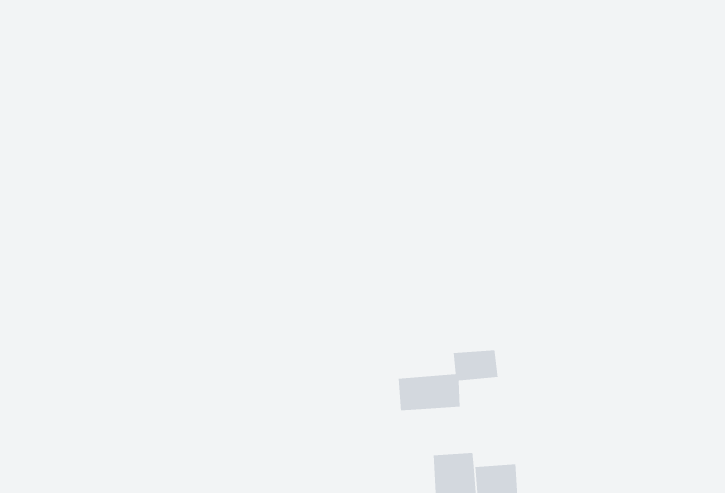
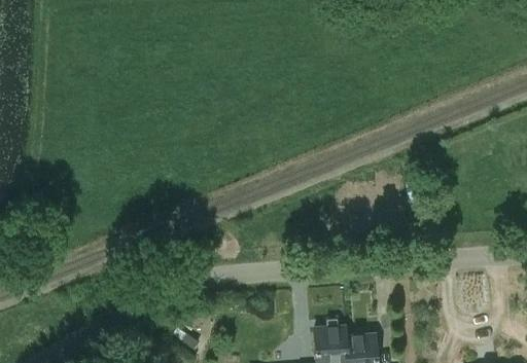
building: [398,350,498,411] -> none

